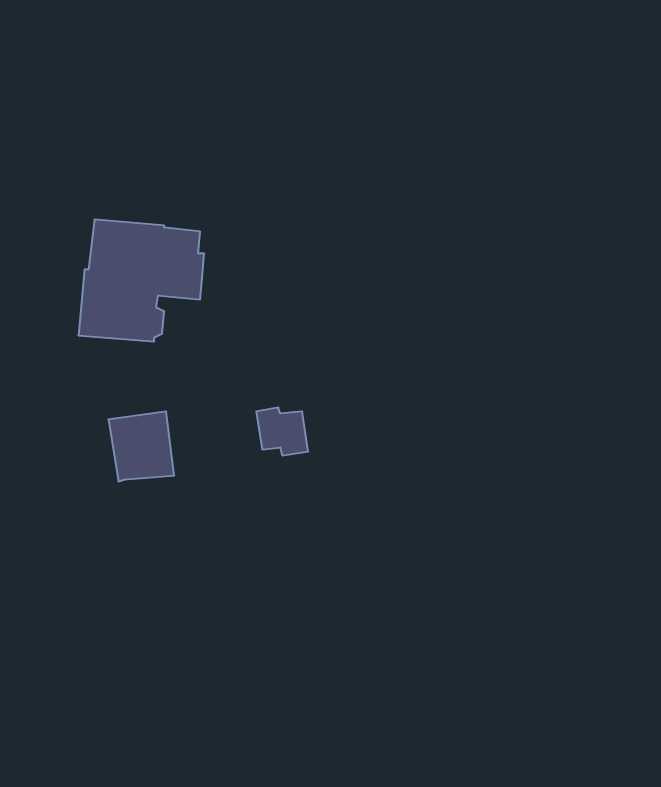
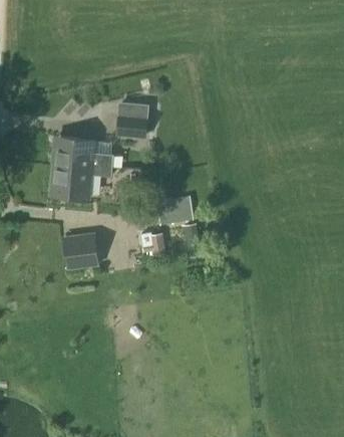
building: none -> [115,116,147,139]
building: none -> [157,195,193,225]

